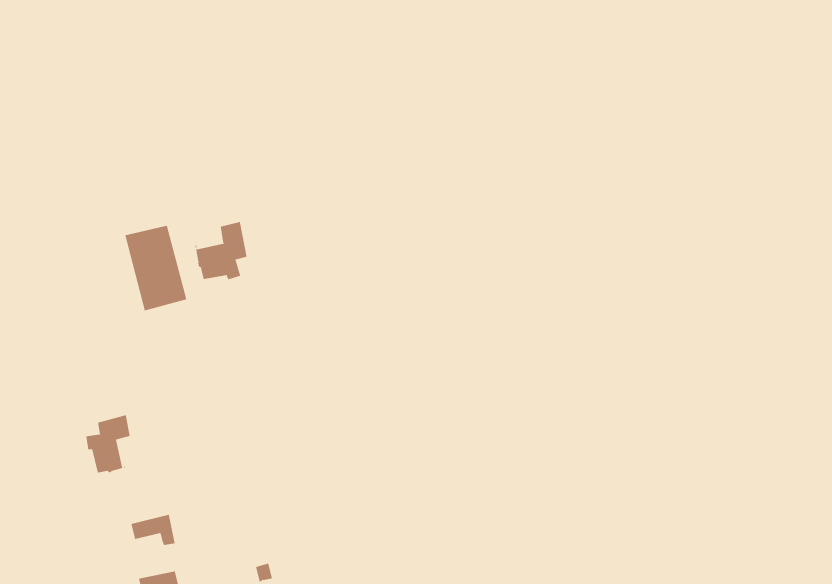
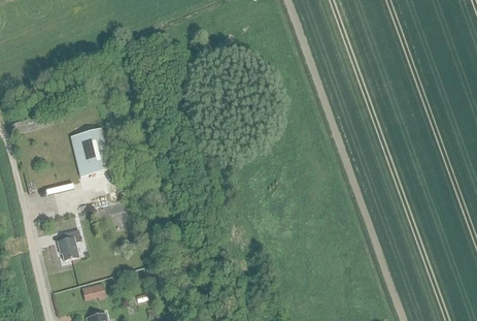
building: [195,221,247,280] -> none

